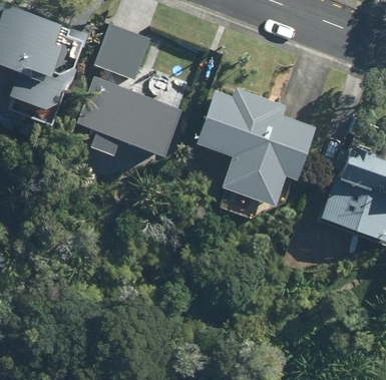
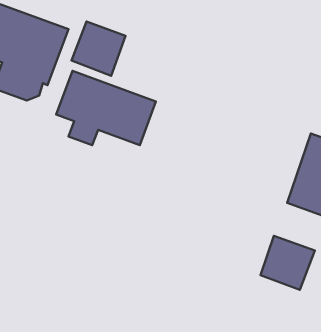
building: [197,90,317,206] -> none
building: none -> [260,236,315,290]

